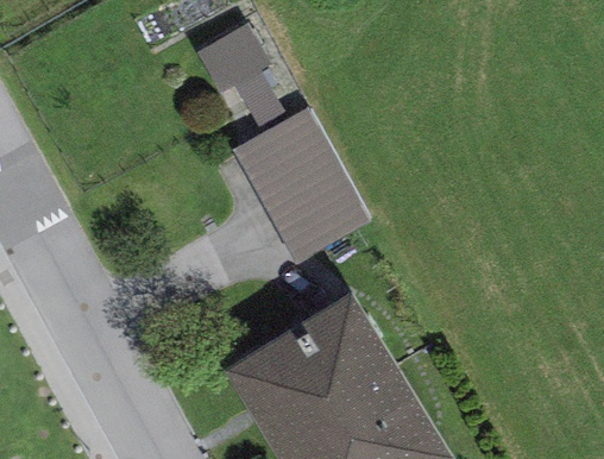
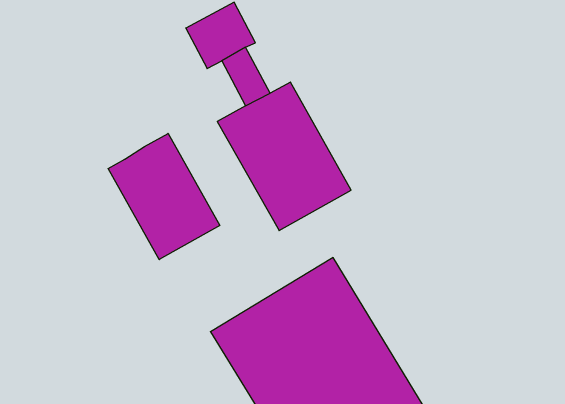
building: none -> [108,133,220,260]

